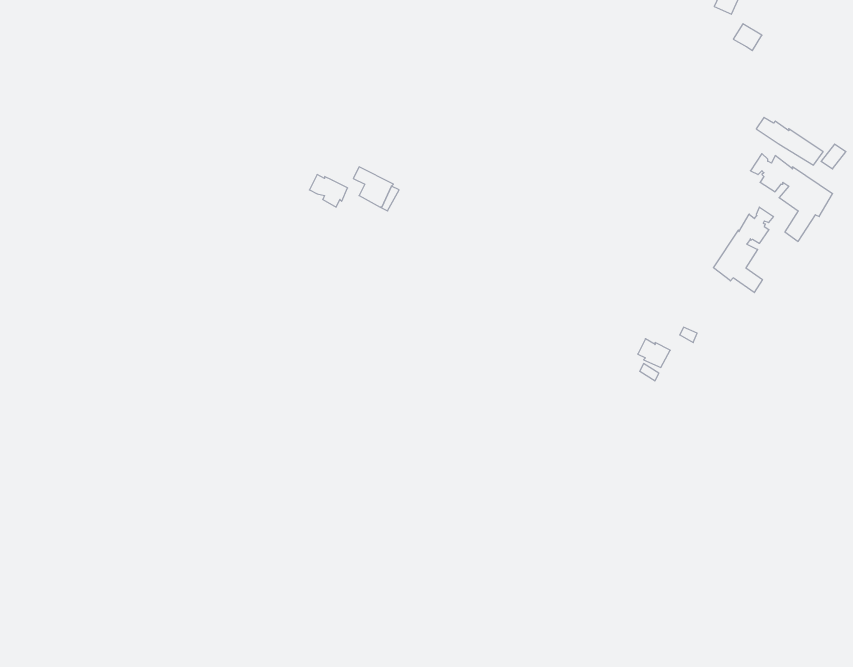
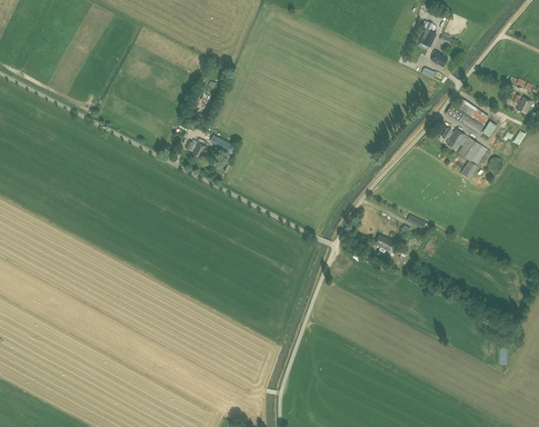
building: [713,207,773,293] -> none

